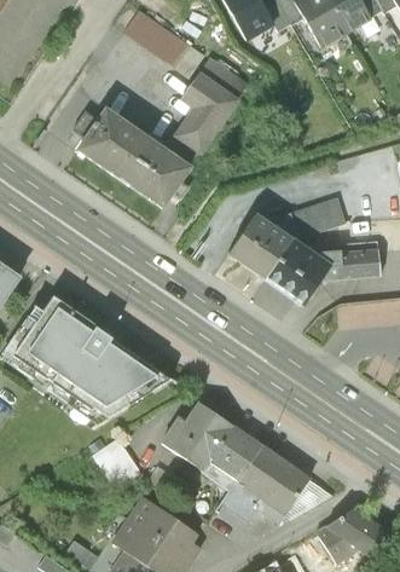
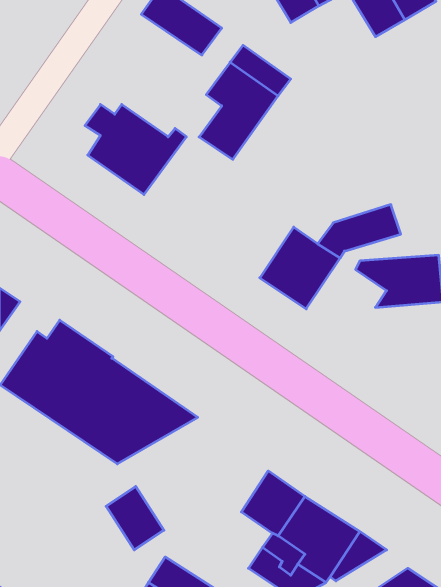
building: [124,137,193,213] -> none
building: [263,241,332,312] -> none
building: [161,401,231,468] -> none

